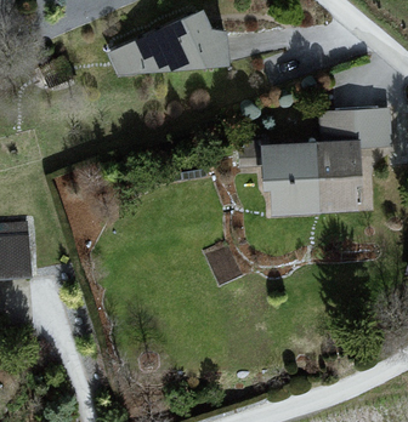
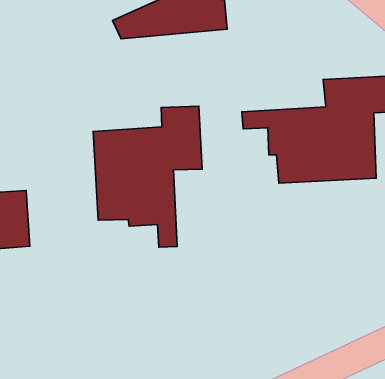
building: none -> [93,106,202,247]

